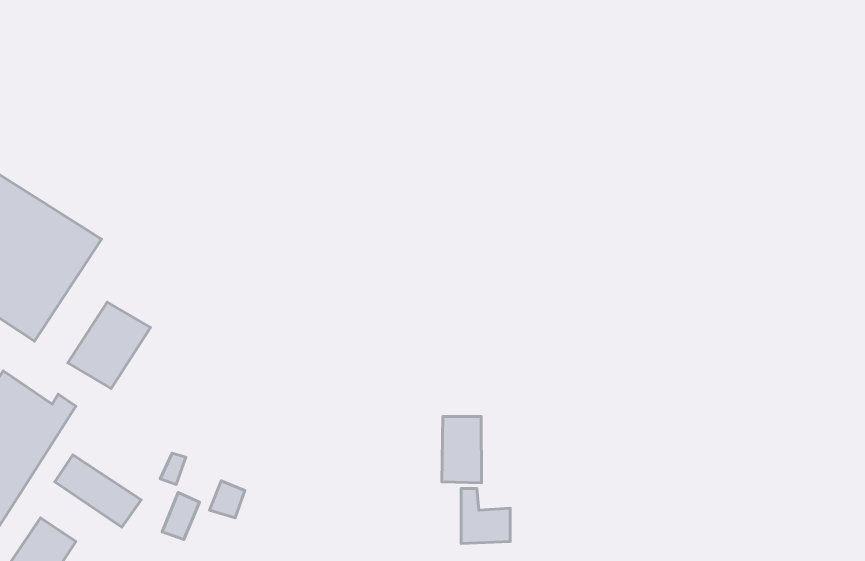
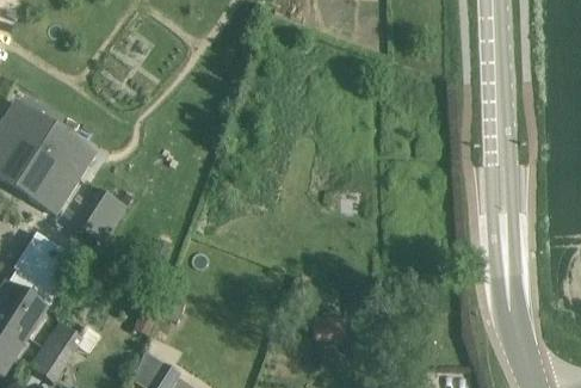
building: [442,417,482,483] -> none
building: [55,455,141,527] -> none

